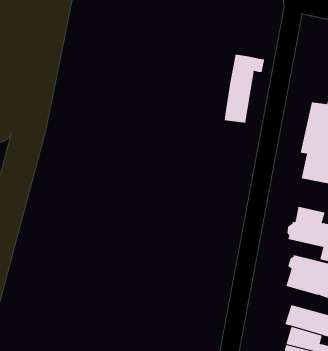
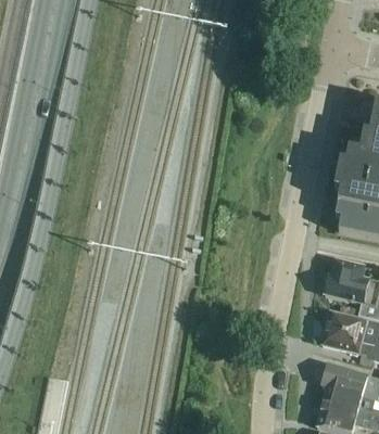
building: [224,54,265,124] -> none

